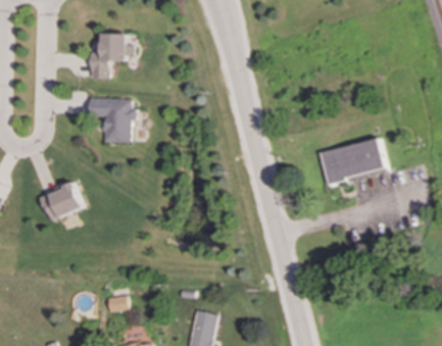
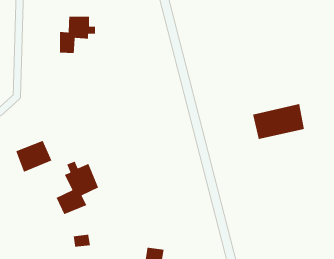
building: [88,99,136,142] -> none
building: none -> [56,160,99,215]

